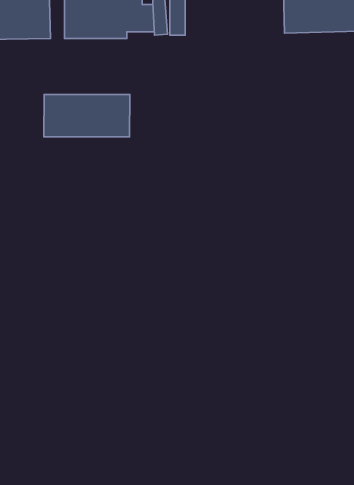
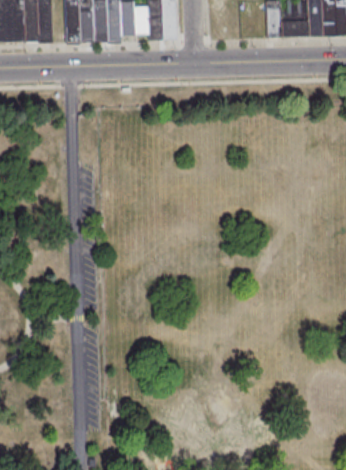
building: [44,94,130,137] -> none

